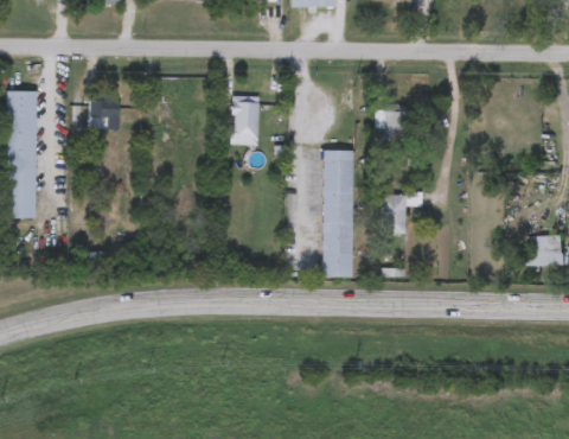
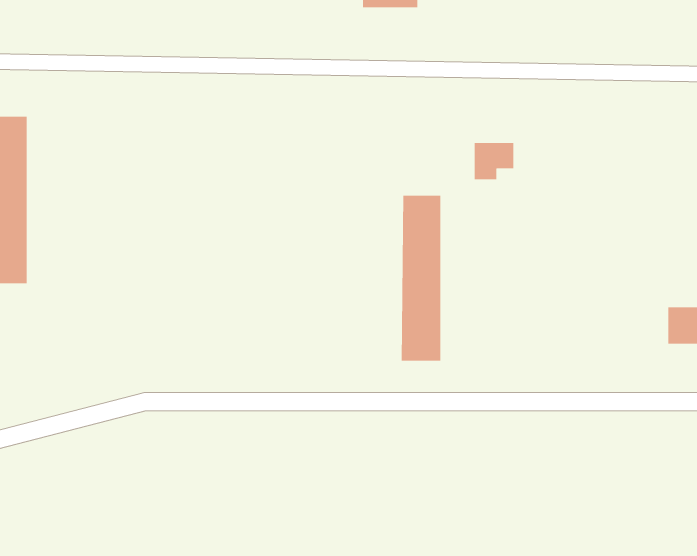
building: [232,96,258,145] -> none
building: [89,97,121,131] -> none
building: [382,193,422,234] -> none

